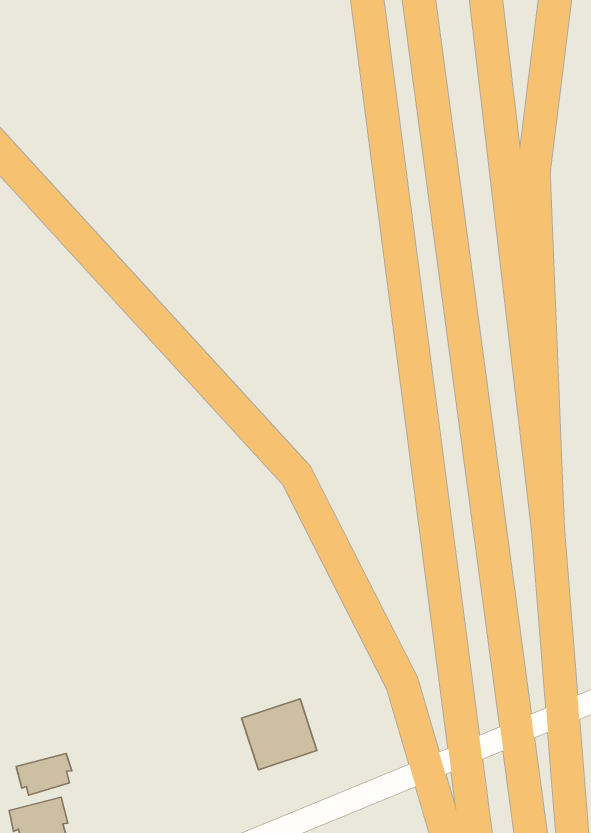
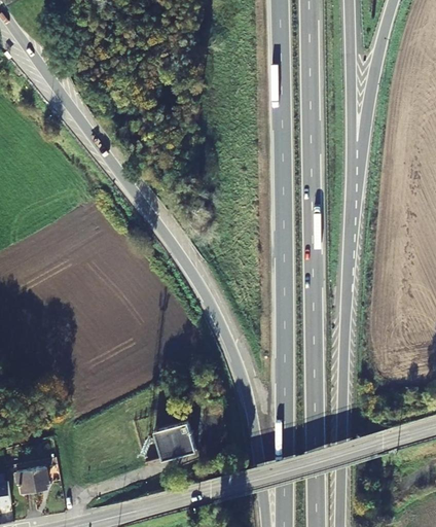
building: [16,754,72,795] -> none

